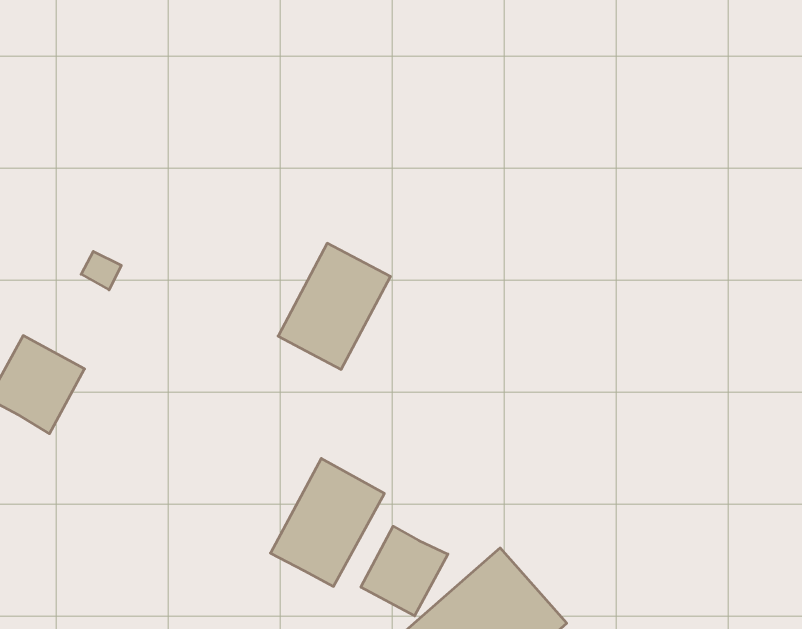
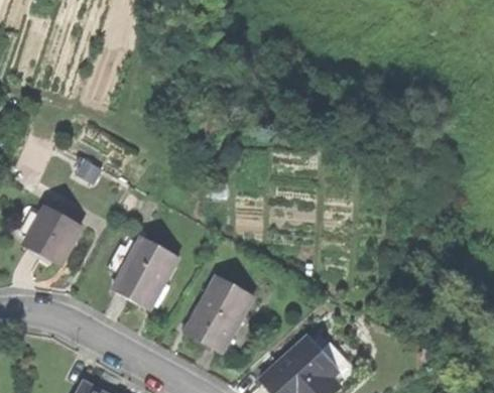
building: [278,243,390,369] -> [112,236,176,308]
building: [361,526,448,616] -> none

